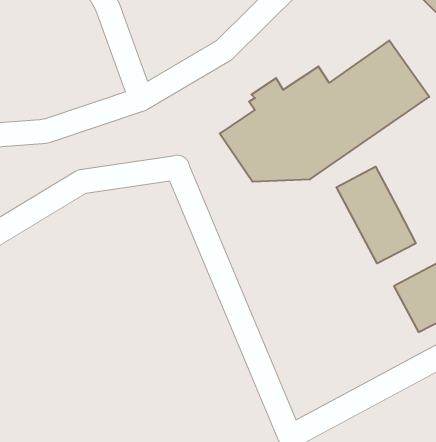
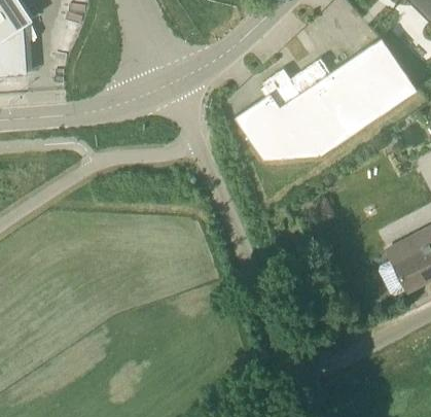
building: [336,167,416,263] -> none

